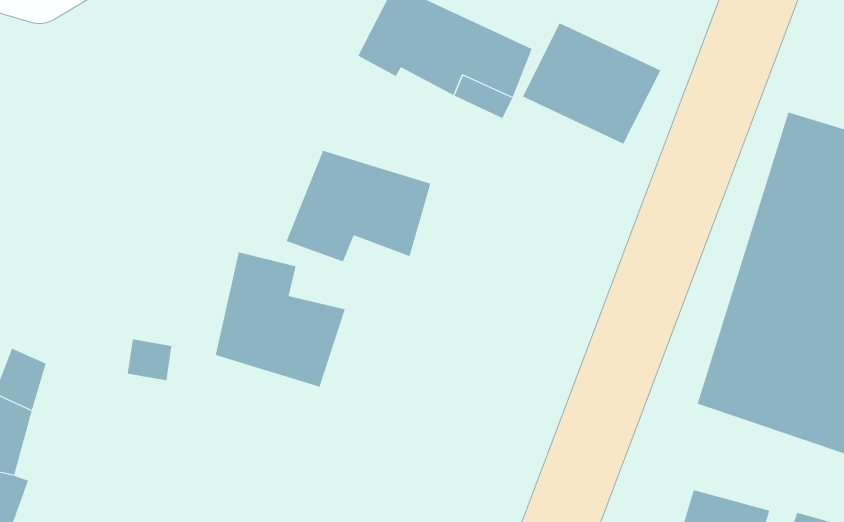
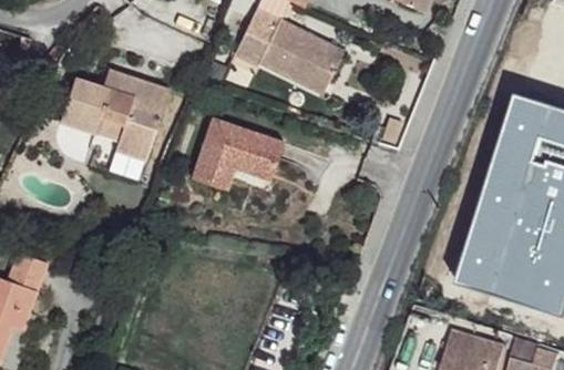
building: [522,22,661,144] -> none
building: none -> [62,71,171,164]
building: [215,252,346,387] -> none

